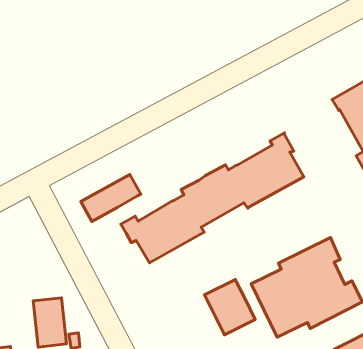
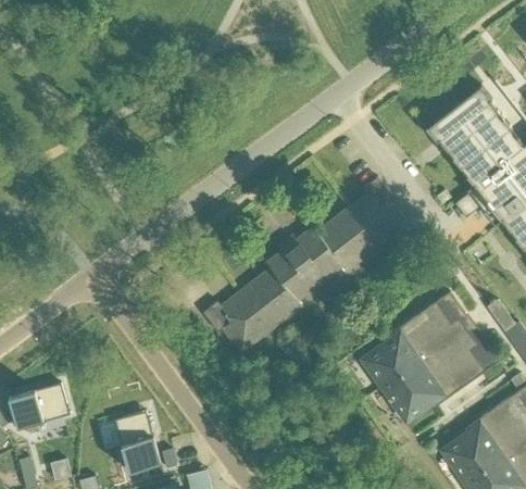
building: [81,174,141,221] -> none
building: [205,280,255,335] -> none

